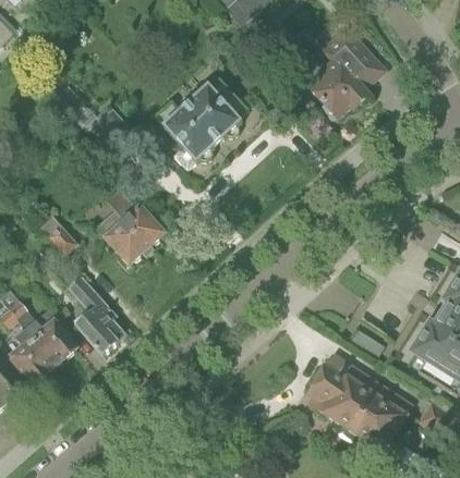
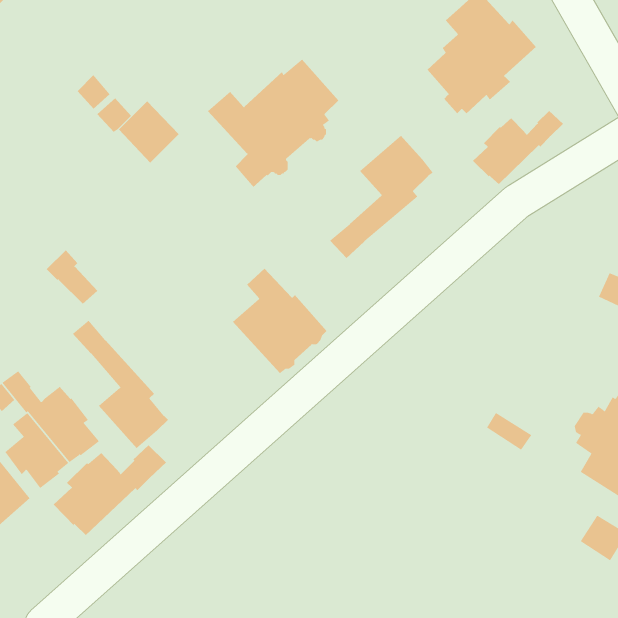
building: none -> [472,110,564,185]
building: none -> [329,135,434,259]
building: [95,187,162,262] -> [232,268,327,374]
building: none -> [53,445,167,536]
building: [308,358,412,450] -> none

